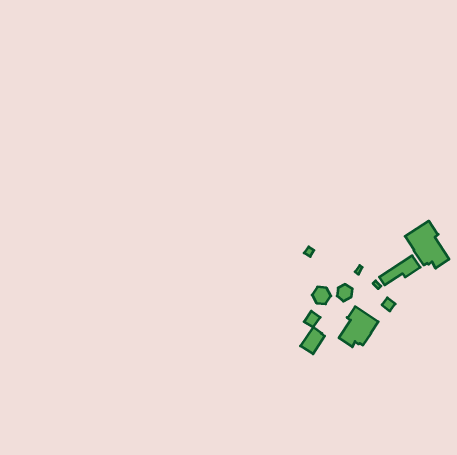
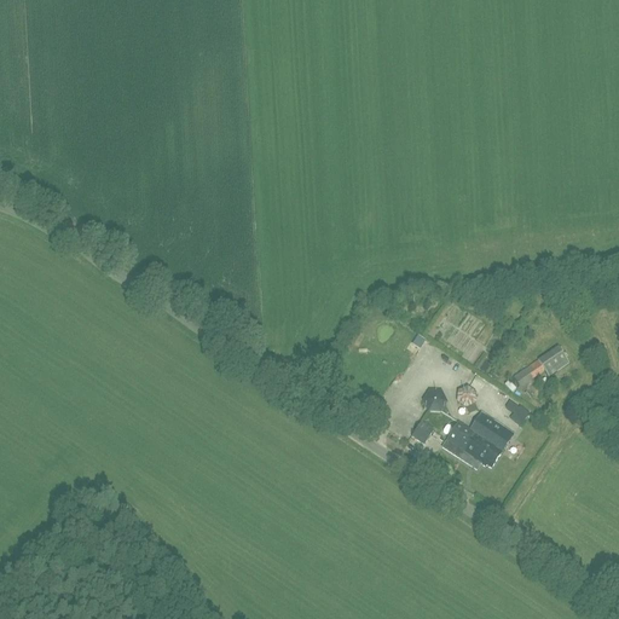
building: [405,221,449,268] -> none
building: [300,327,325,354] -> [441,421,474,457]

